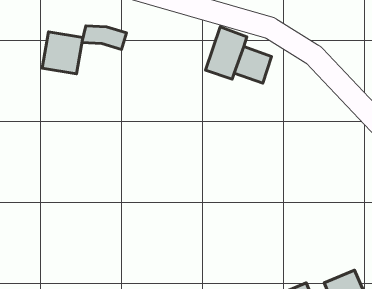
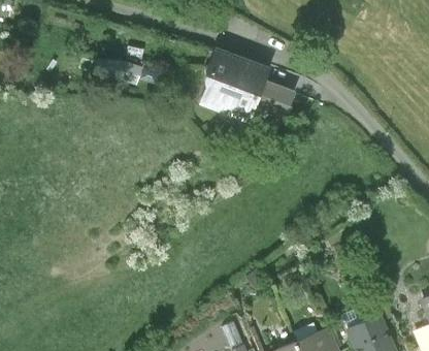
building: none -> [197,52,239,106]
building: [42,32,83,74] -> none

